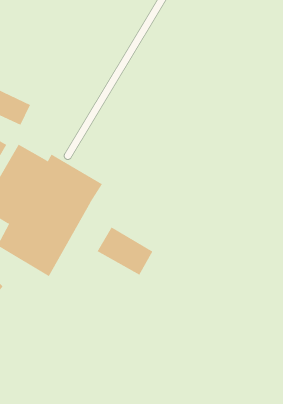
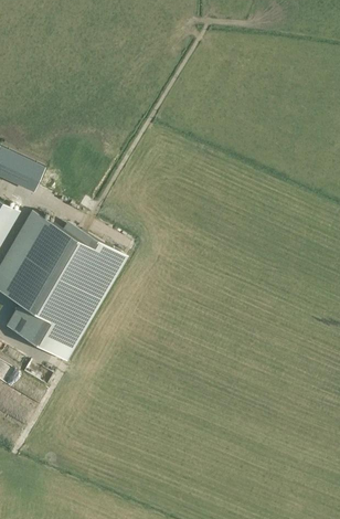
building: [97,227,153,275] -> none

